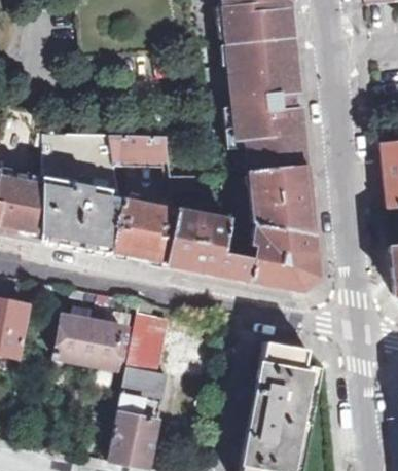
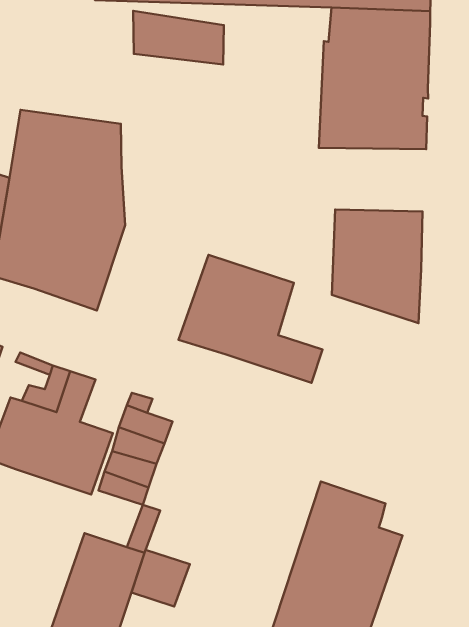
building: [234,124,304,170] -> none
building: [109,135,170,161] -> [133,11,224,65]
building: [110,197,175,264] -> none
building: [250,223,316,290] -> none
building: [121,365,155,398] -> [131,550,190,607]

